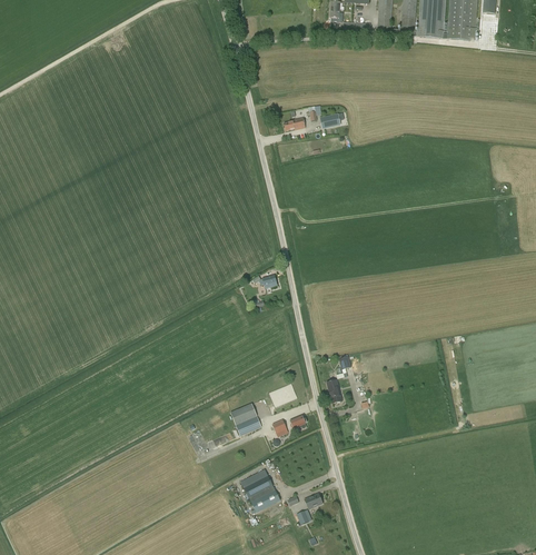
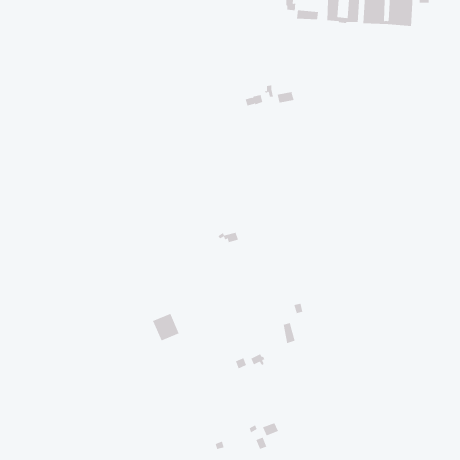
building: [230,403,261,435] -> [152,313,180,341]
building: [241,470,280,512] -> none

